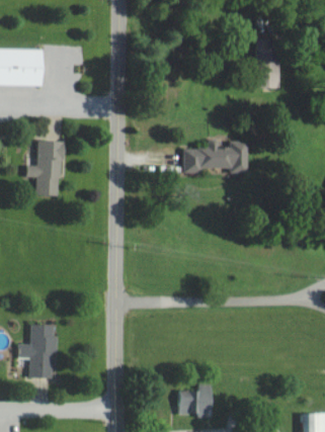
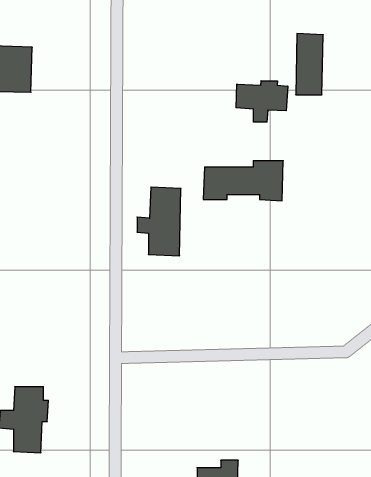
building: none -> [236,81,288,122]
building: [26,141,62,196] -> [137,187,181,256]

